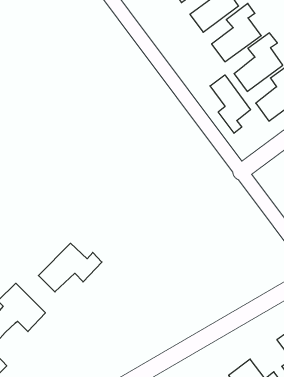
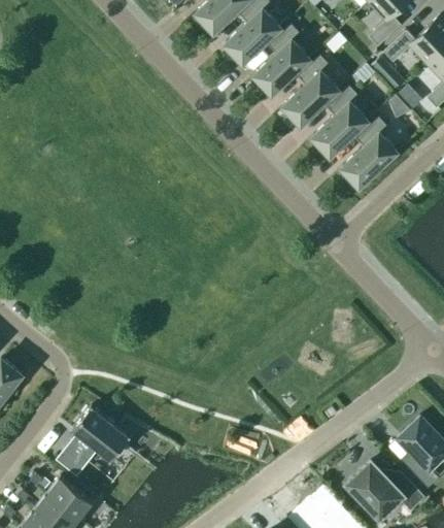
building: [210,75,251,133] -> none
building: [38,243,102,292] -> none

